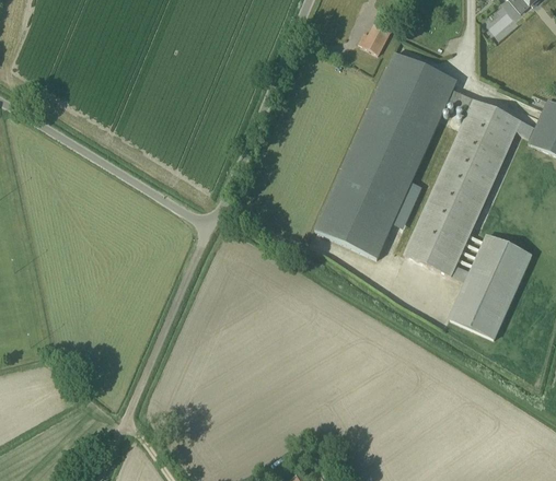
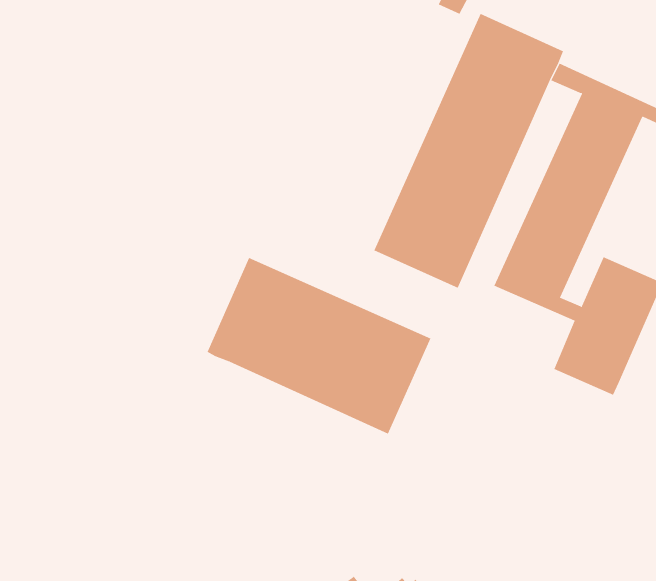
building: none -> [207,257,431,434]

